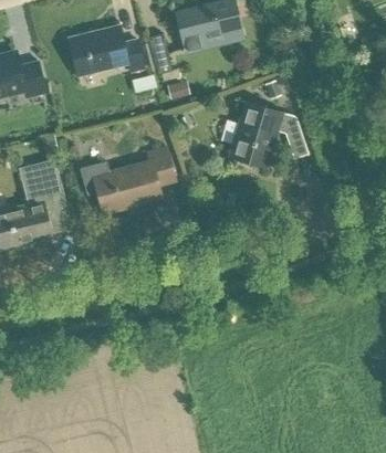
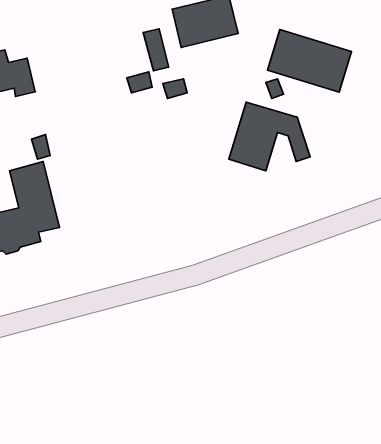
building: [67,23,145,76] -> none
building: none -> [268,30,351,92]
building: [80,148,175,212] -> none

